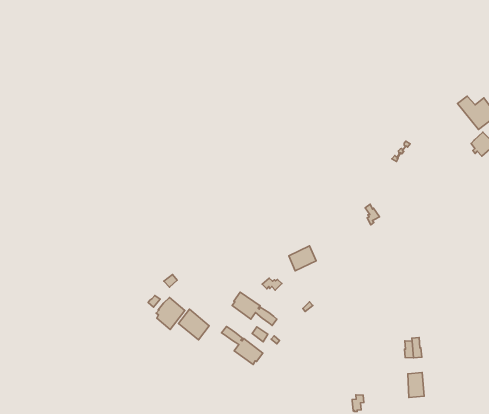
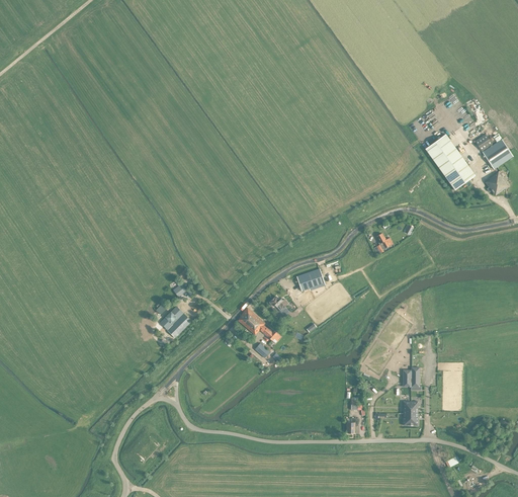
building: none -> [425,135,476,190]
building: [179,309,209,340] -> none
building: [222,327,263,364] -> none

